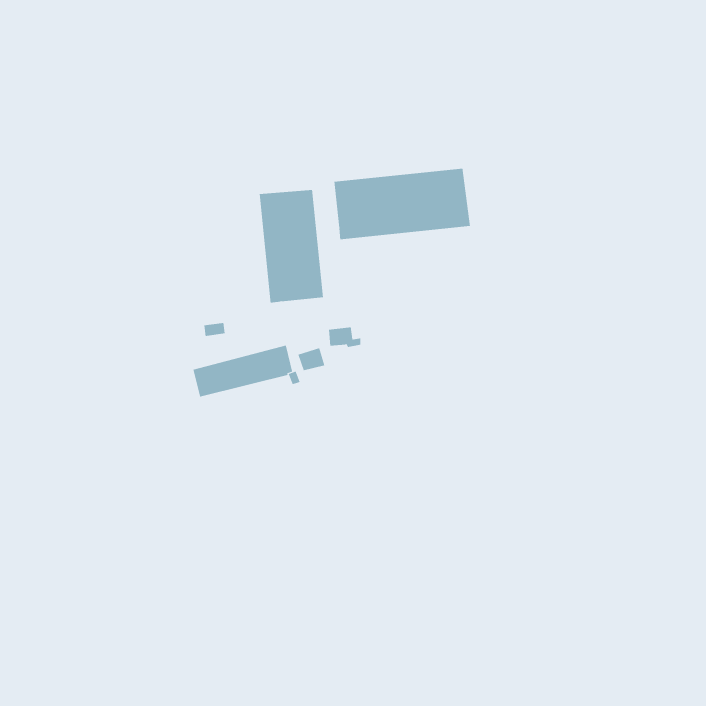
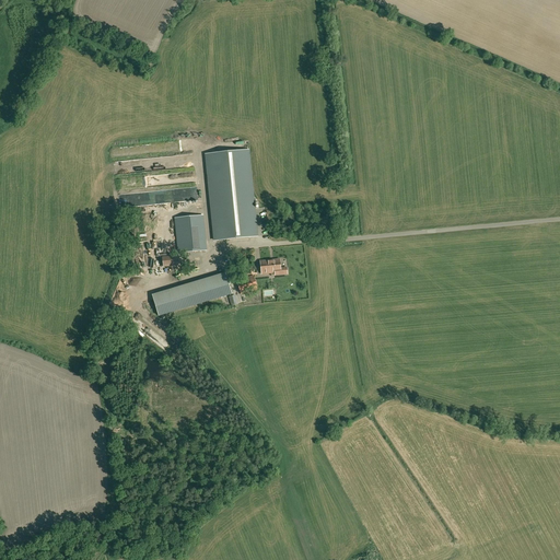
building: [334,168,470,240] -> none
building: none -> [174,215,206,252]

